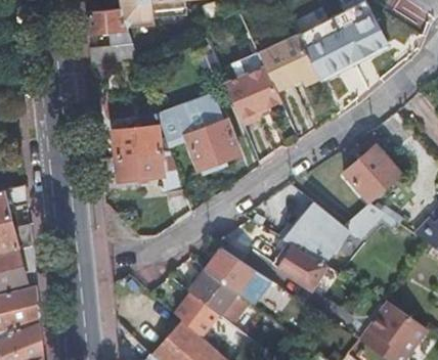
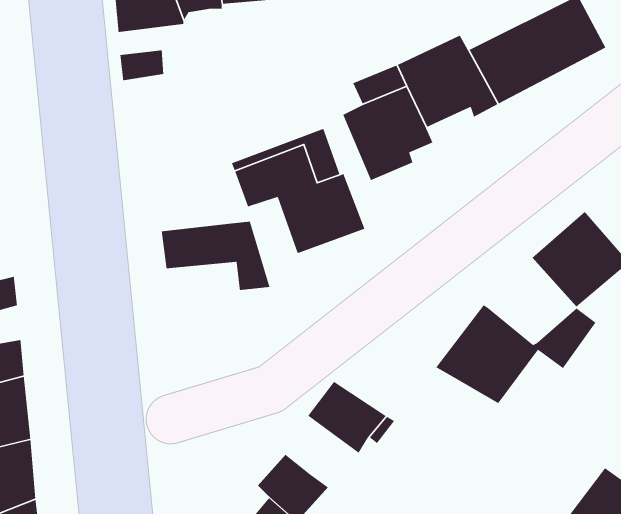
building: [113,127,160,155] -> none
building: [276,243,327,287] -> none
building: [188,269,246,324] -> none

